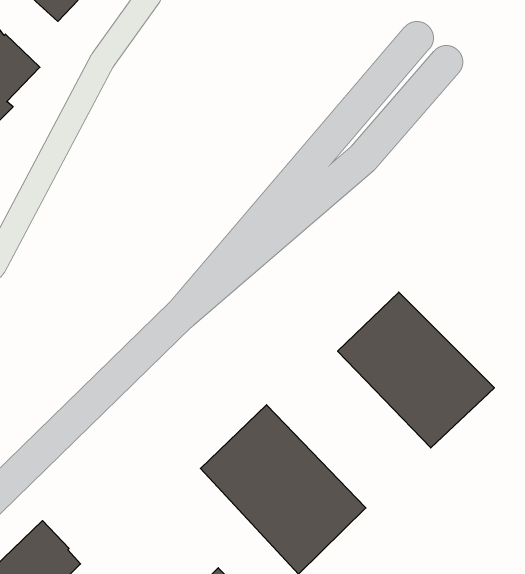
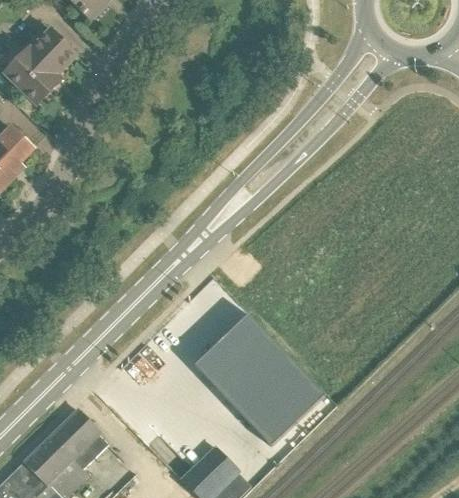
building: [338,292,494,448] -> none

